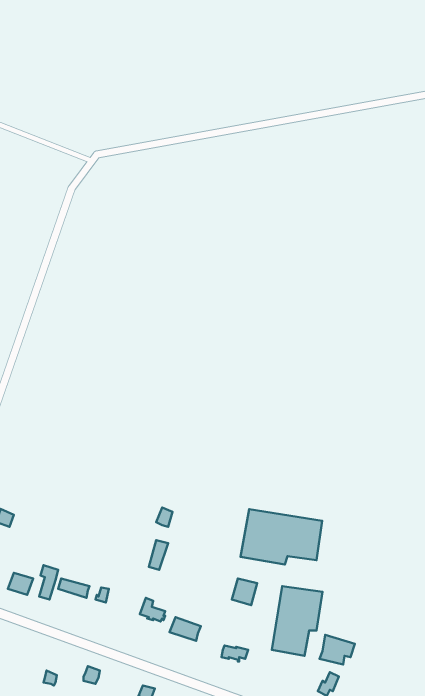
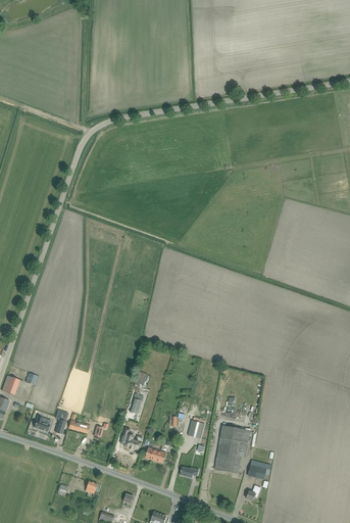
building: [241,509,322,564] -> none

